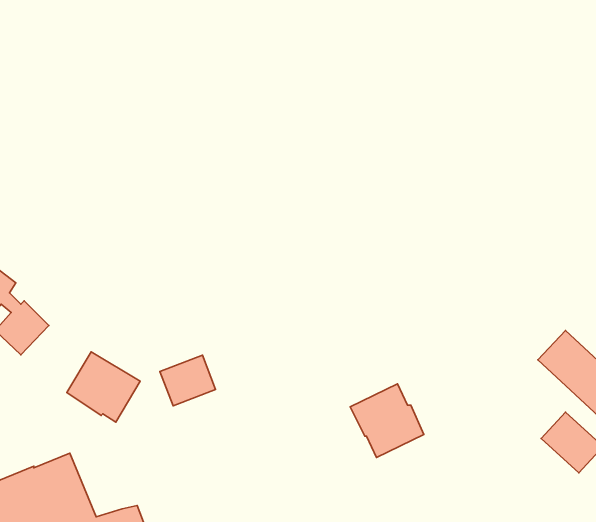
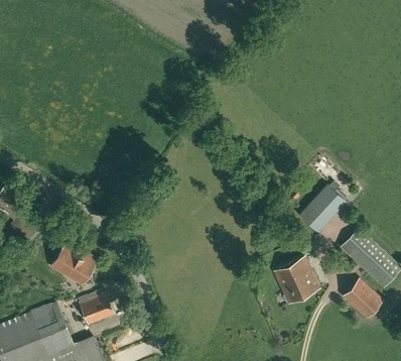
building: none -> [300,185,346,232]
building: [160,355,216,406] -> [80,293,114,325]
building: [350,384,424,457] -> [274,257,319,303]

